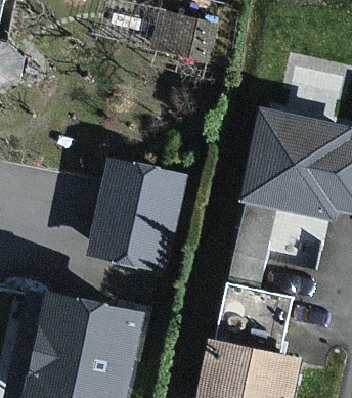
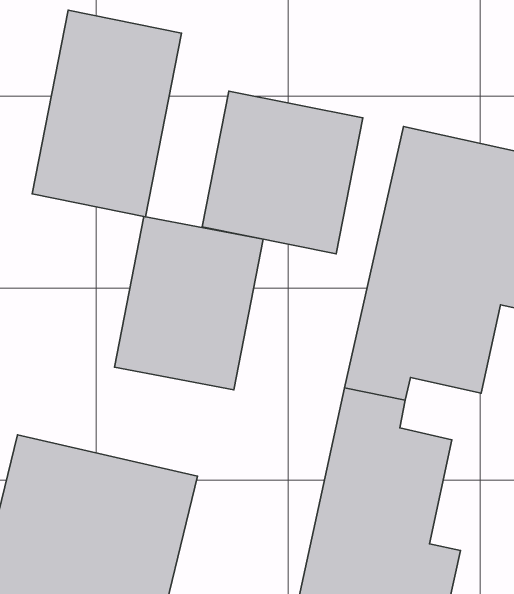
building: none -> [32,10,181,217]
building: none -> [202,91,363,254]

